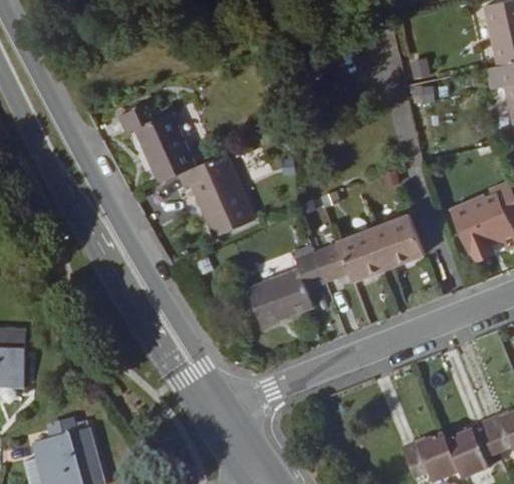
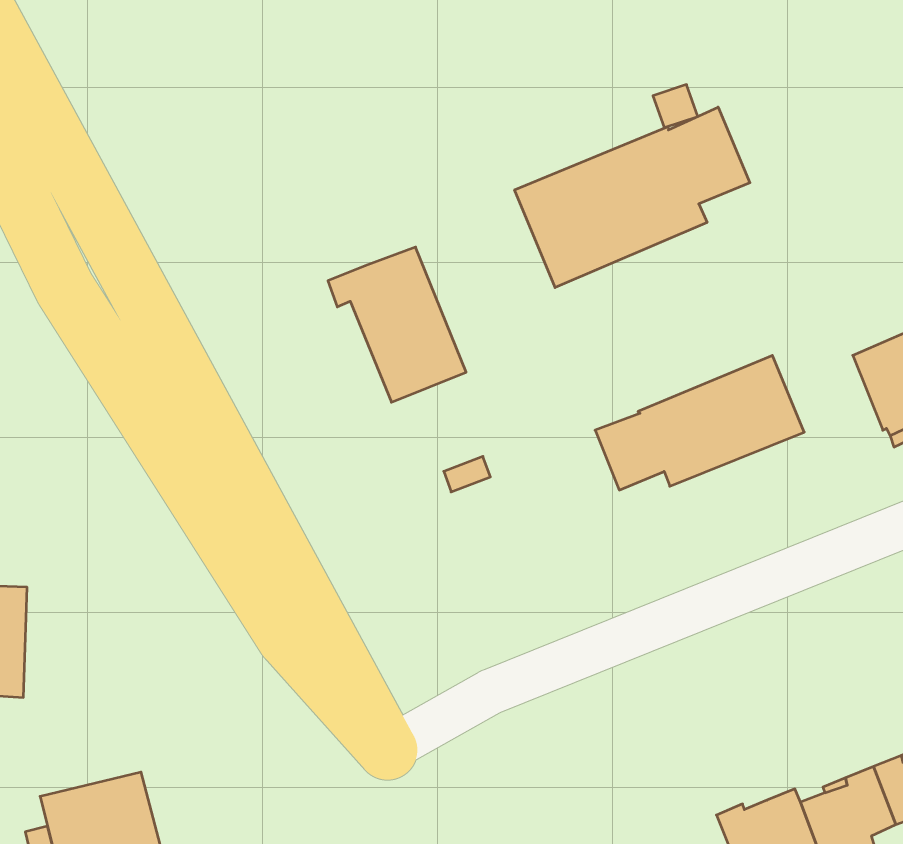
building: none -> [515,107,750,288]
building: [123,92,198,176] -> none
building: [257,249,334,326] -> none

